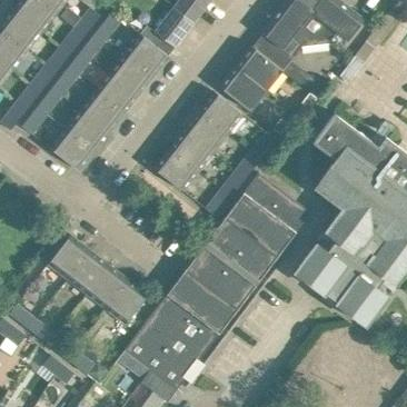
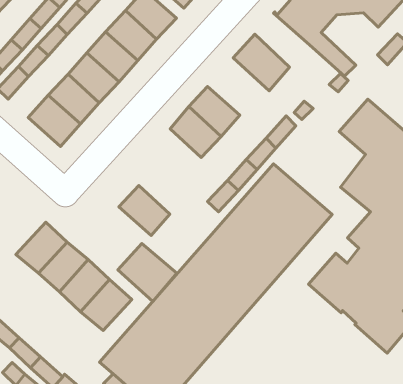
building: [235,47,281,91] -> none
building: [198,92,242,135] -> none
building: [153,150,197,191] -> [119,186,170,235]
building: none -> [118,243,177,301]

